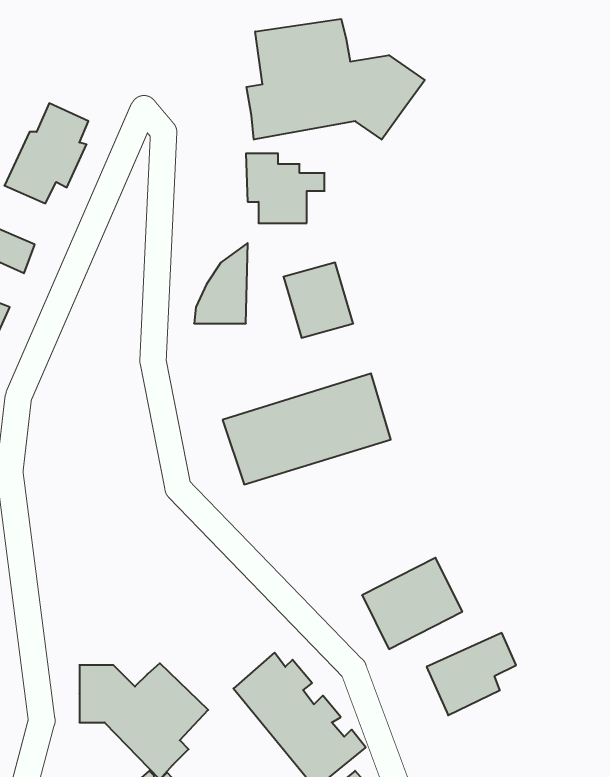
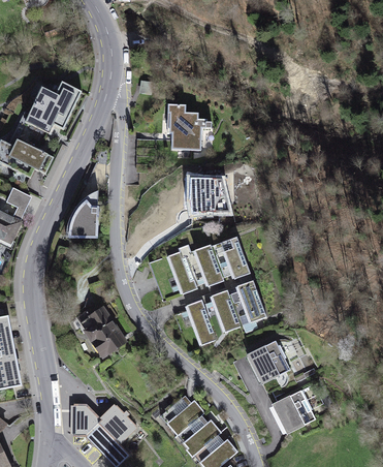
building: [246,19,425,140] -> none
building: [194,243,248,323] -> [66,189,97,236]
building: none -> [184,279,265,339]
building: none -> [72,306,125,360]

